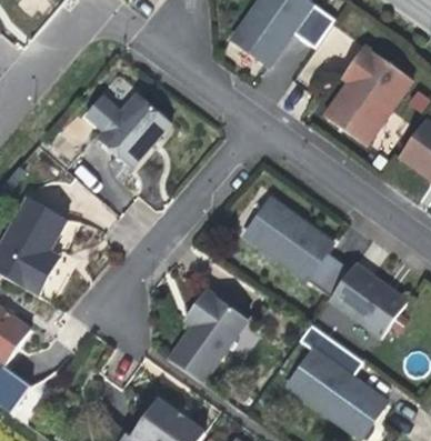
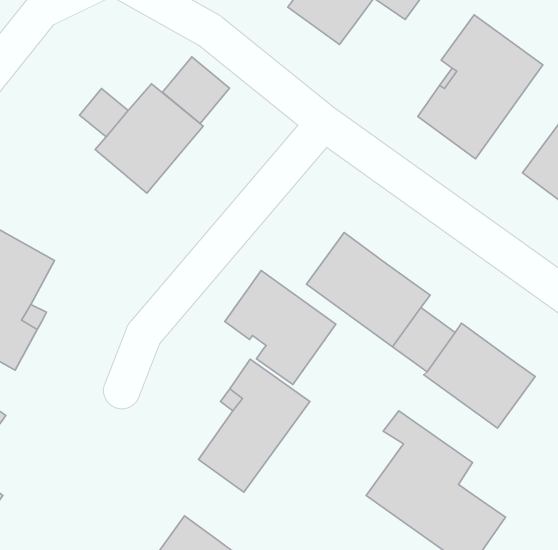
building: none -> [162,57,230,123]
building: none -> [225,270,336,385]

